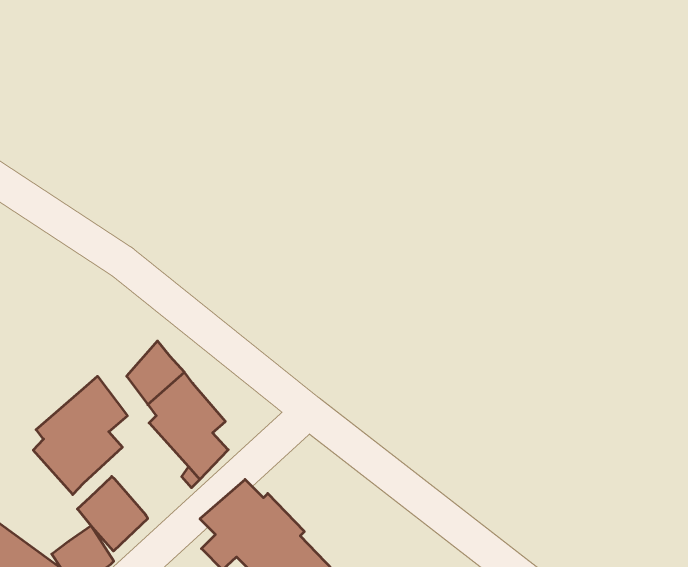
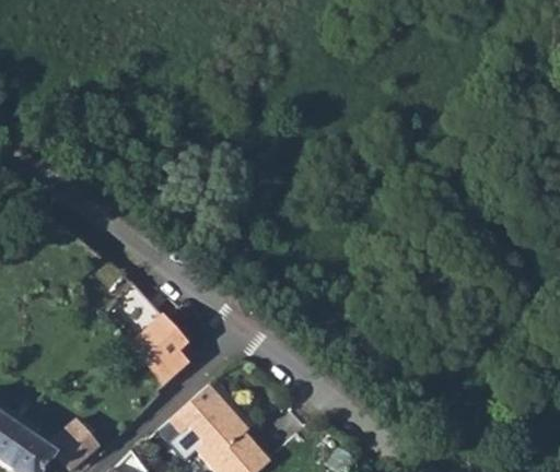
building: [33,376,127,495] -> none
building: [77,476,148,551] -> none

